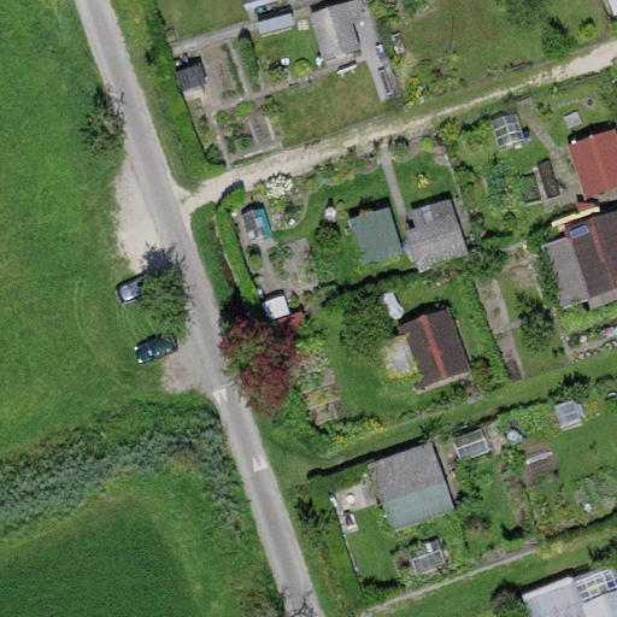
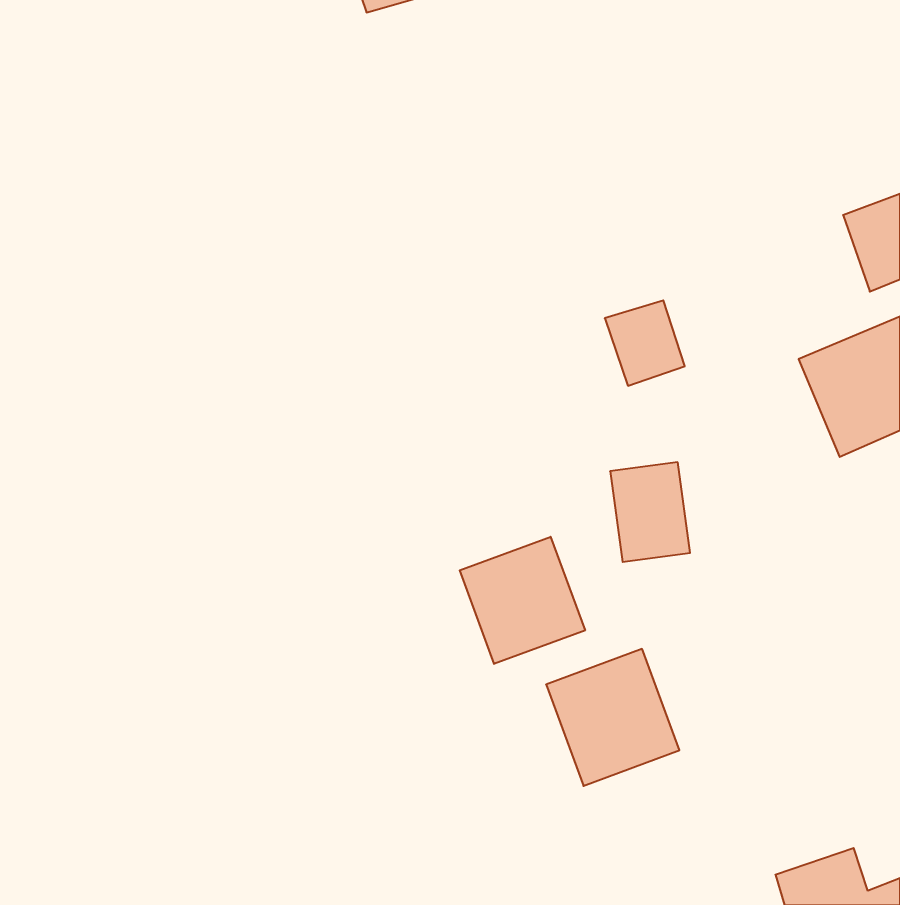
building: none -> [460,537,585,664]

